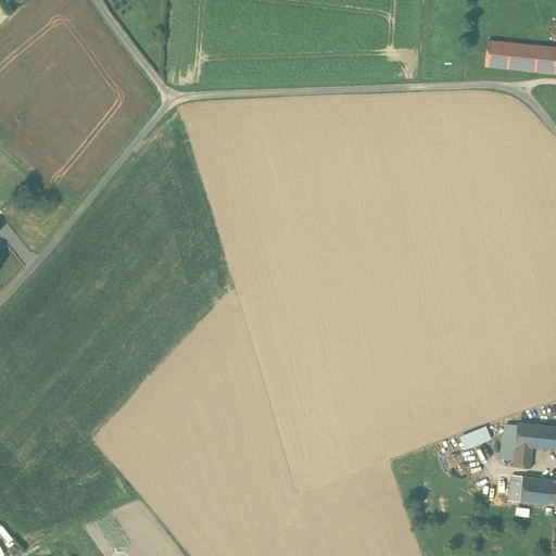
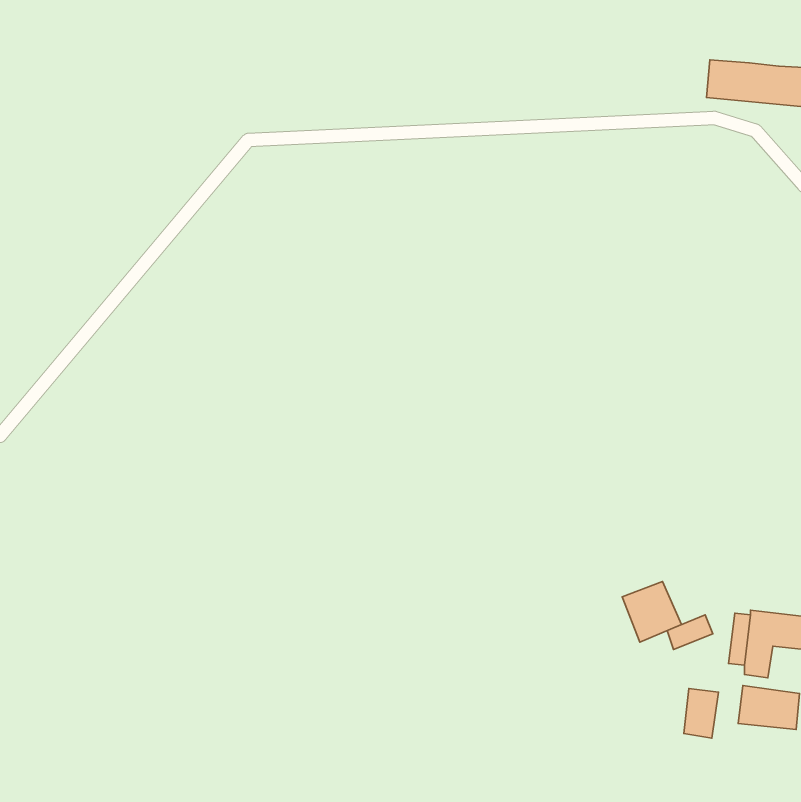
building: none -> [622,581,682,642]
building: none -> [684,688,718,738]

